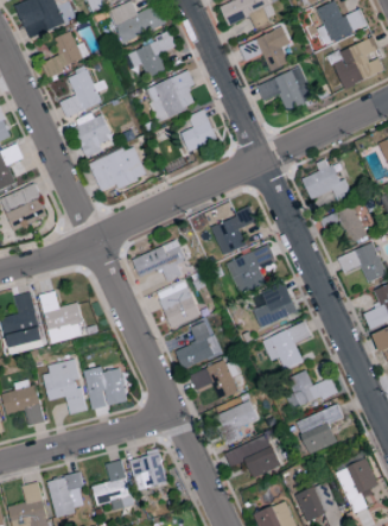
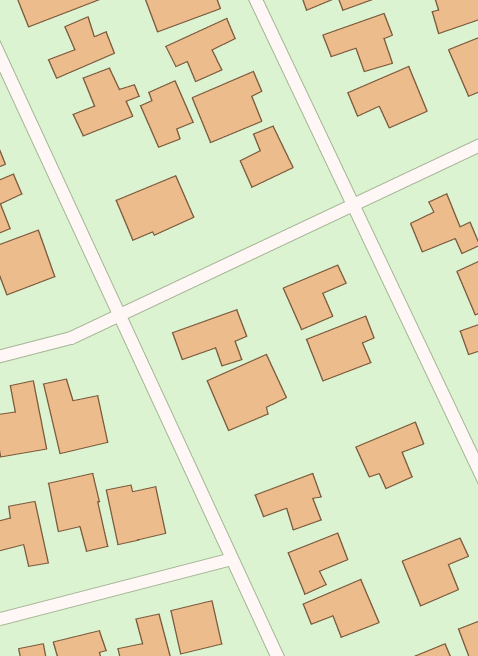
building: [74,109,112,157] -> [140,81,193,147]
building: [250,284,297,327] -> none
building: [174,321,220,369] -> none
building: [287,370,336,411] -> none

